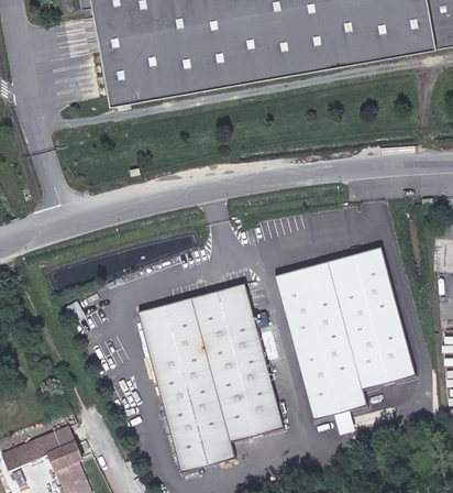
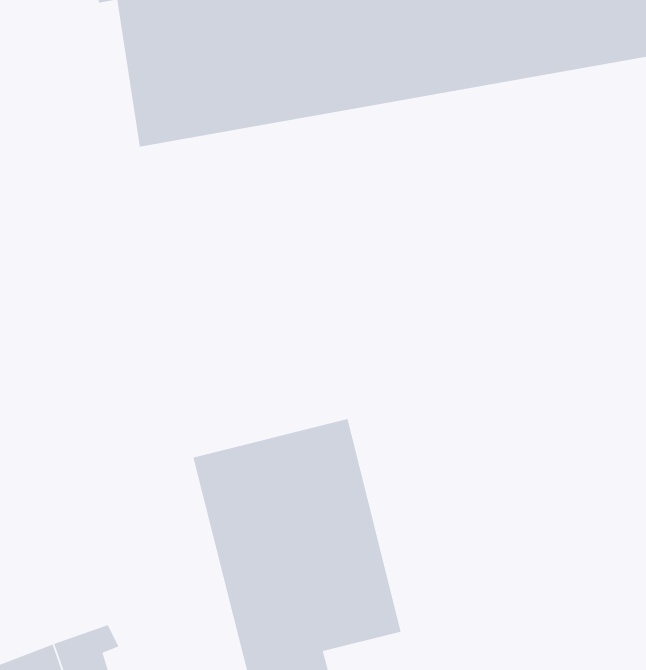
building: [273,246,416,421] -> none

